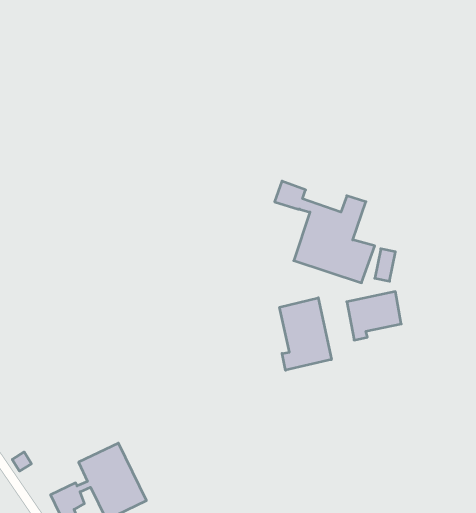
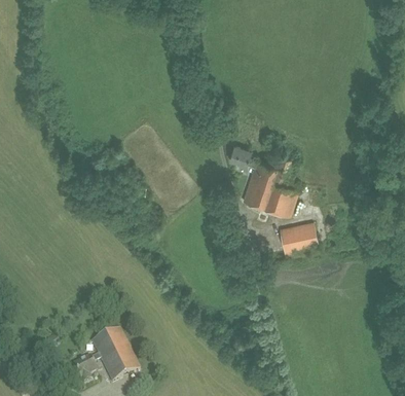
building: [280,298,331,370] -> none

